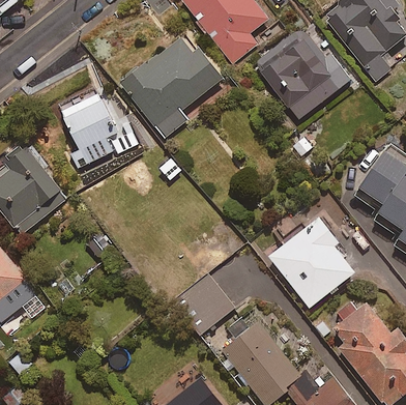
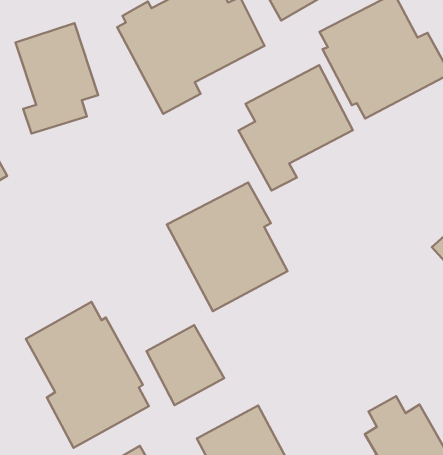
building: none -> [239,65,353,191]
building: [269,218,355,308] -> [167,182,288,311]
building: none -> [26,302,149,448]

